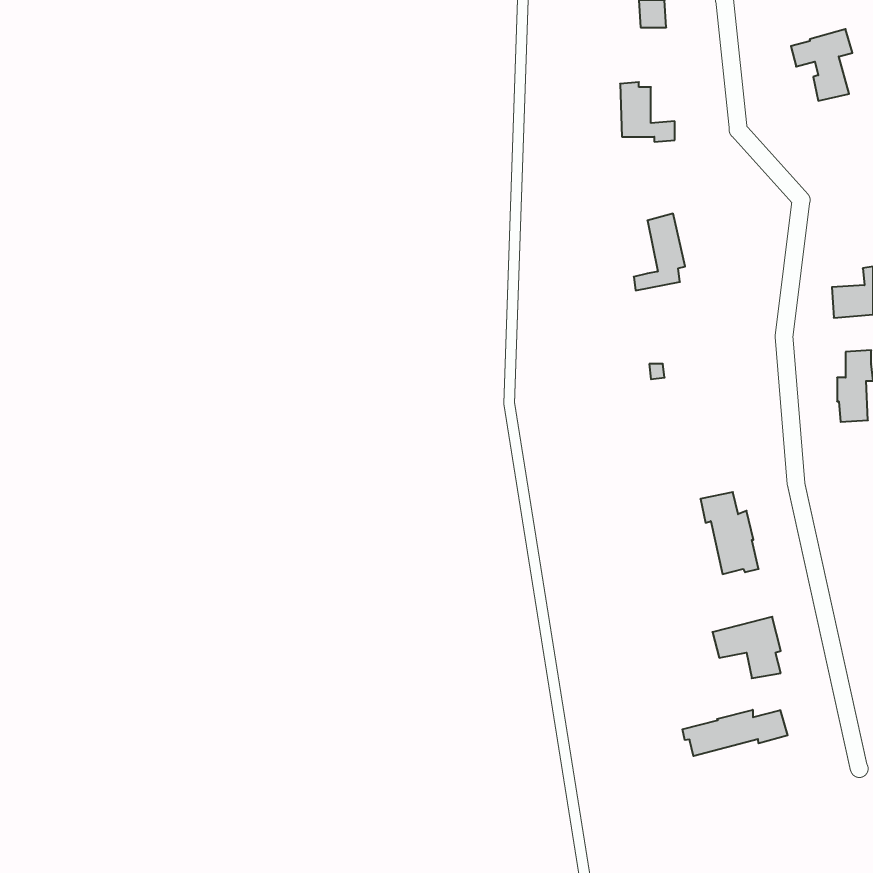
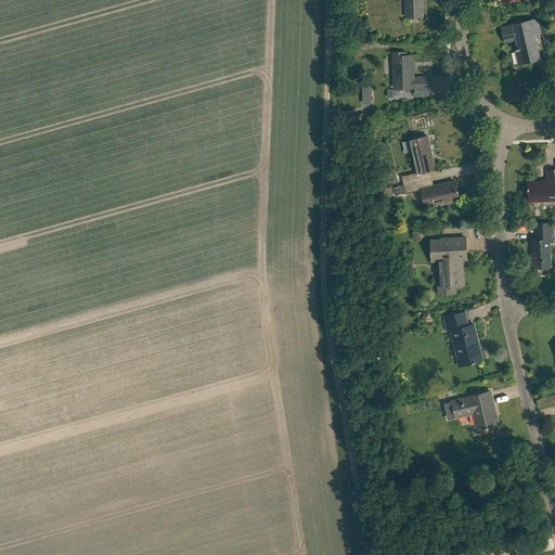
building: none -> [403,179,459,206]
building: none -> [431,237,467,293]
building: [682,710,788,756] -> none

